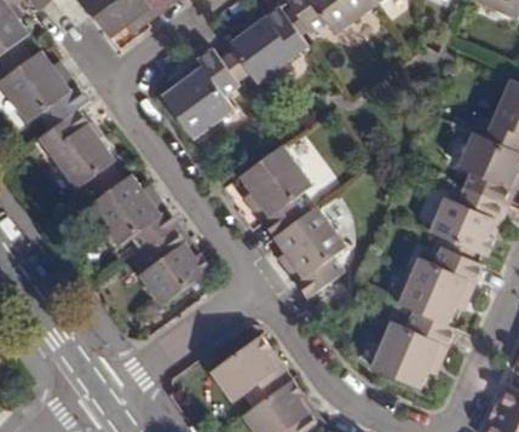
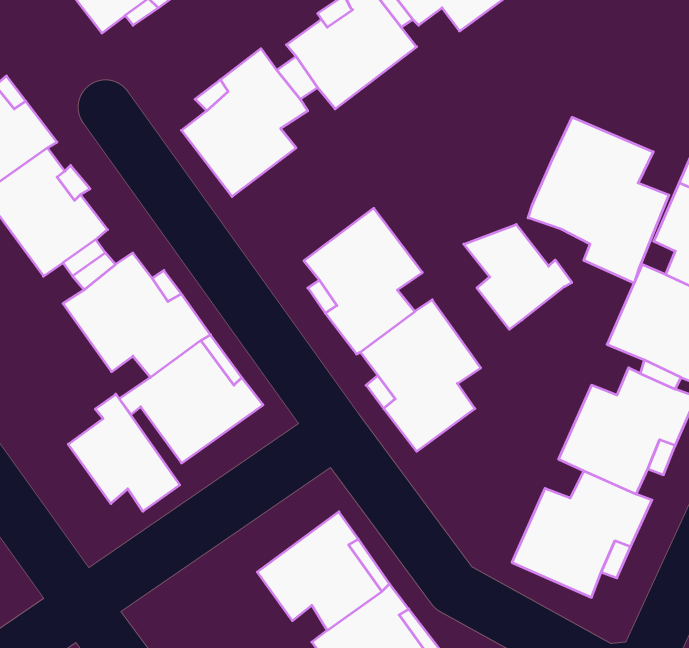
building: none -> [528,117,669,283]
building: none -> [464,224,572,329]
building: none -> [68,394,180,511]

